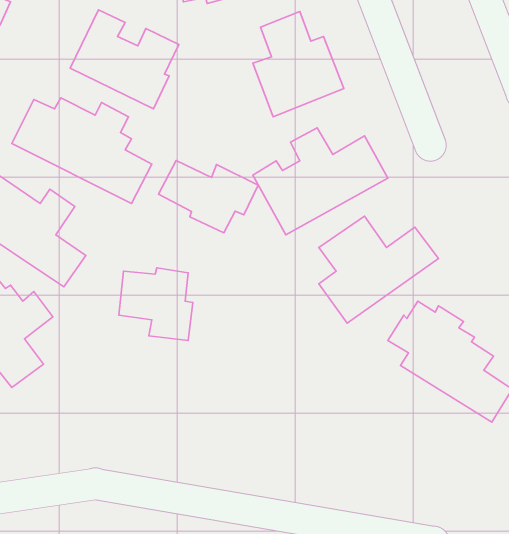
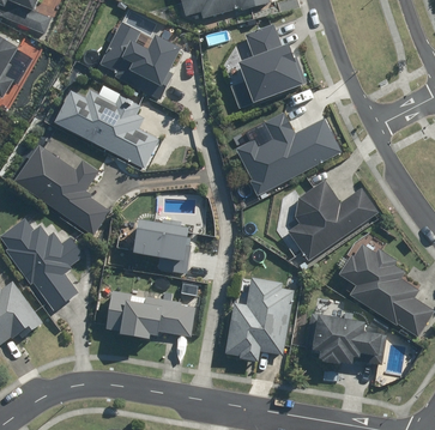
building: [158,160,258,233] -> none
building: none -> [224,275,295,362]
building: none -> [105,287,197,339]
building: none -> [312,301,398,364]

